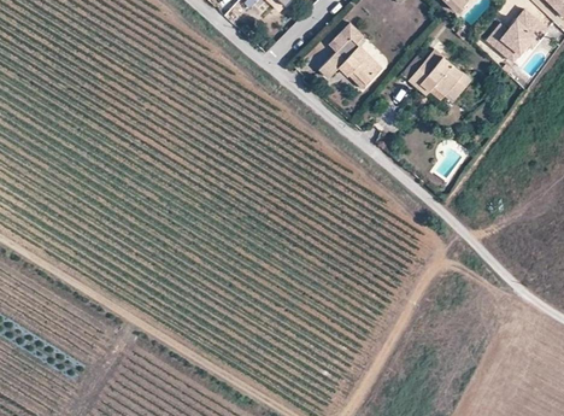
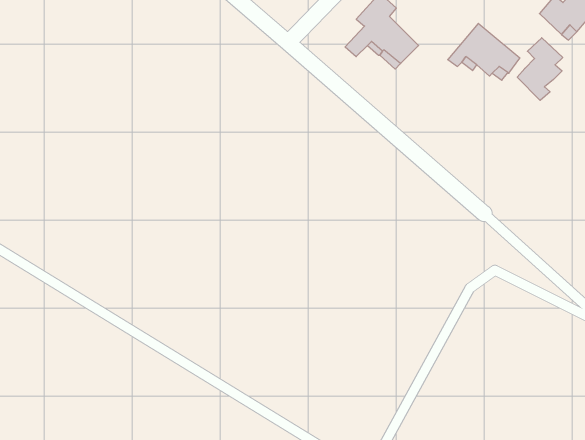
building: none -> [517,38,563,100]

